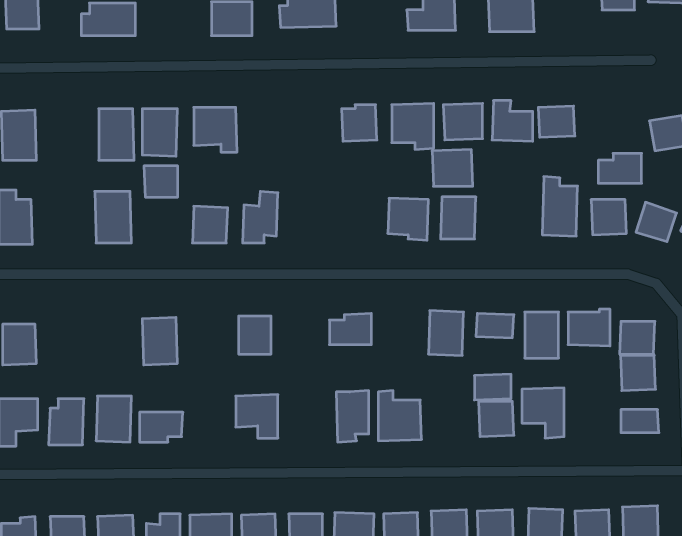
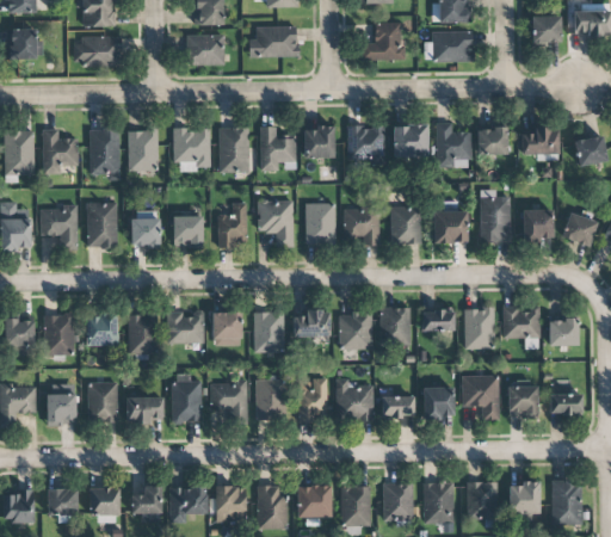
building: none -> [259,125,296,171]
building: none -> [218,126,249,172]
building: none -> [42,129,79,174]
building: [432,150,473,186] -> [432,210,468,242]
building: [598,153,642,183] -> [521,126,560,153]
building: [144,166,178,197] -> [130,218,160,246]
building: none -> [257,199,294,247]
building: none -> [304,203,335,243]
building: none -> [39,206,78,248]
building: none -> [166,310,204,342]
building: none -> [253,311,284,352]
building: none -> [339,311,372,348]
building: none -> [45,314,74,356]
building: none -> [86,315,117,345]
building: [620,355,656,391] -> [507,385,538,416]
building: [474,374,511,400] -> [382,395,414,418]
building: none -> [172,372,203,419]
building: none -> [255,379,286,420]

